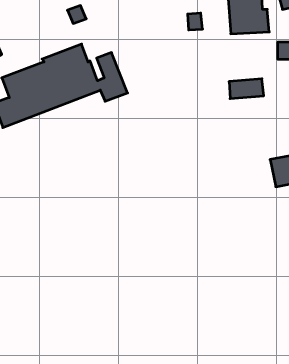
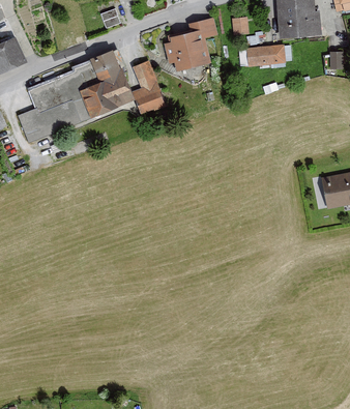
building: none -> [164,18,215,71]
building: [229,79,264,99] -> [245,45,284,66]

